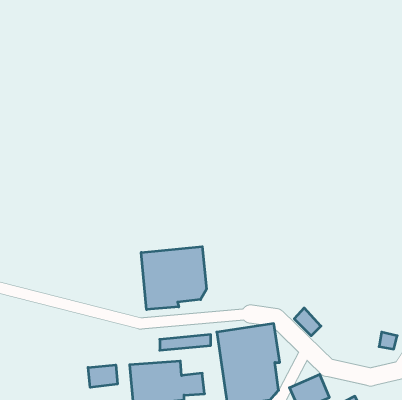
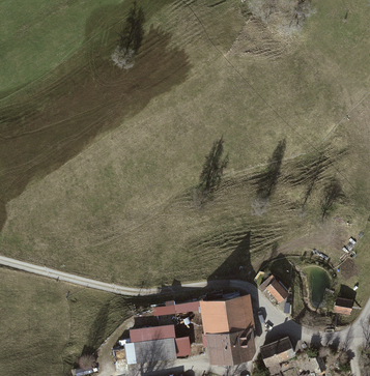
building: [141,247,206,310] -> none
building: [88,365,117,387] -> none

